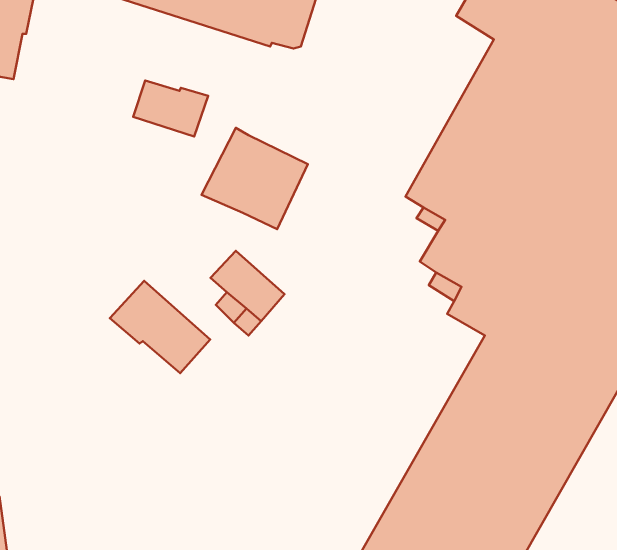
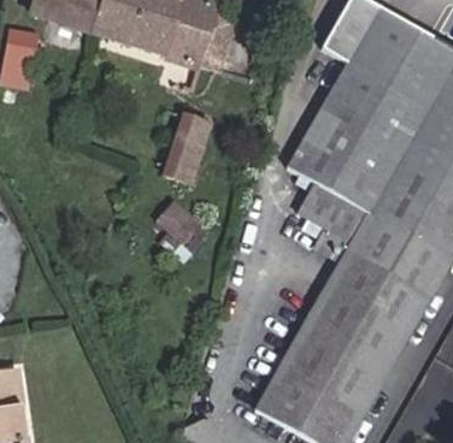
building: [133,81,208,136] -> none
building: [110,281,210,373] -> none

